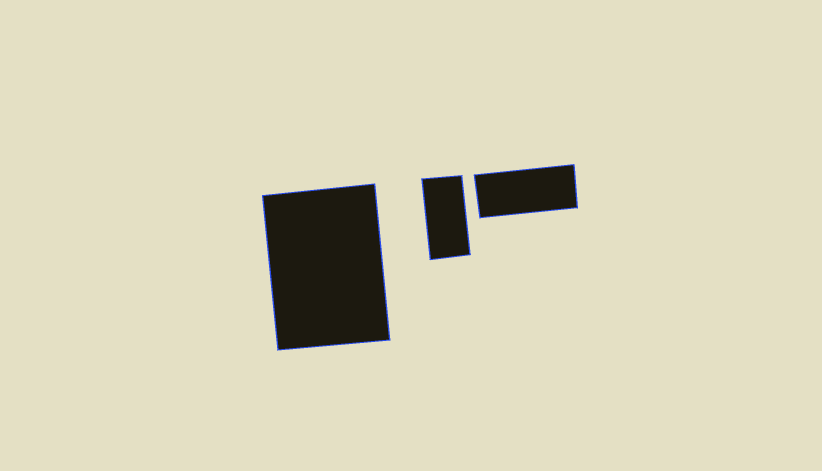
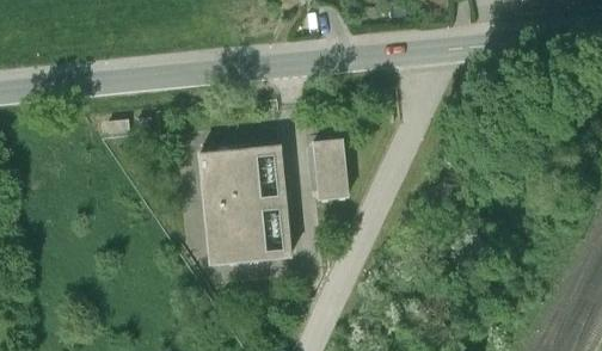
building: [474,165,577,218] -> none

